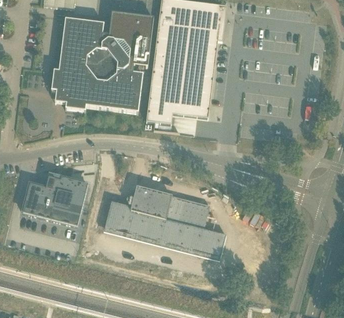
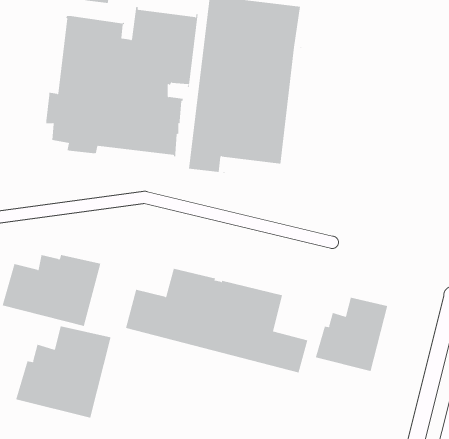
building: none -> [315,297,388,372]
building: none -> [15,325,111,418]

